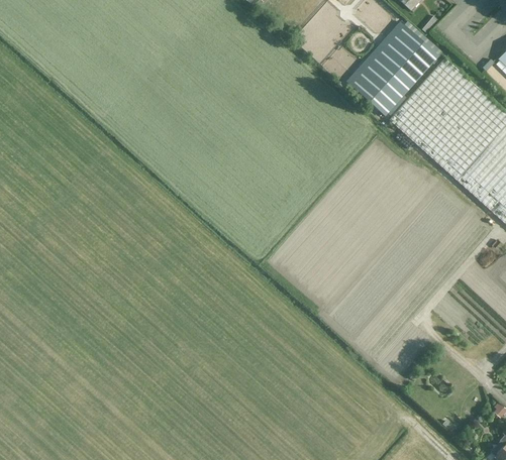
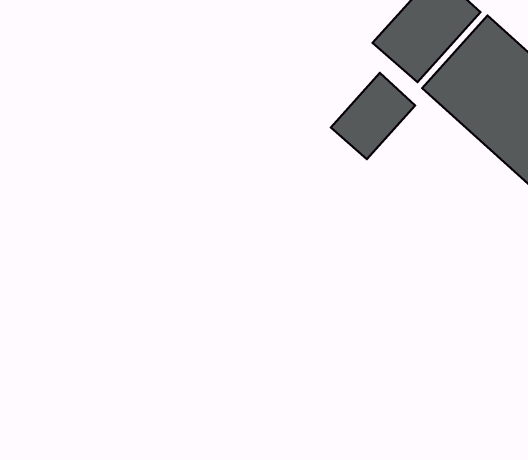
building: none -> [331,73,415,159]

